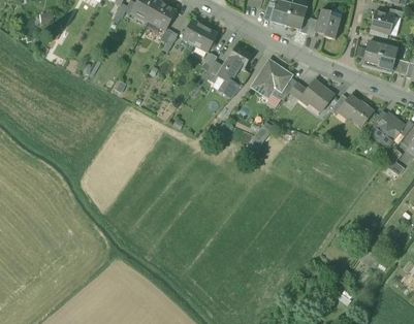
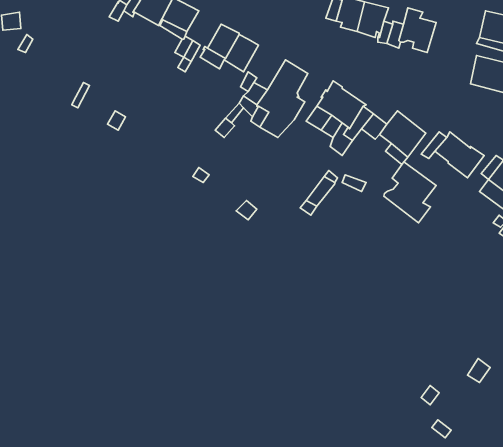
building: none -> [384,162,436,223]

